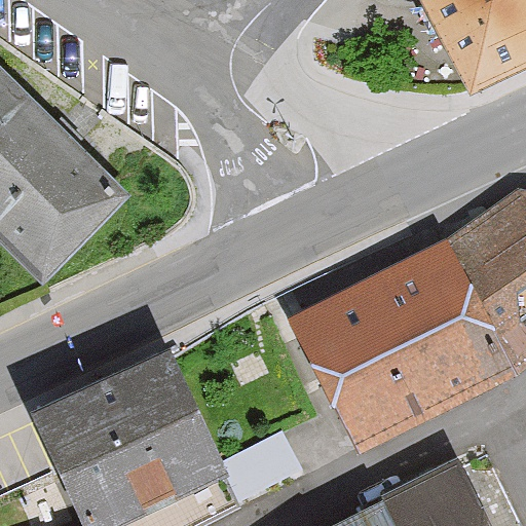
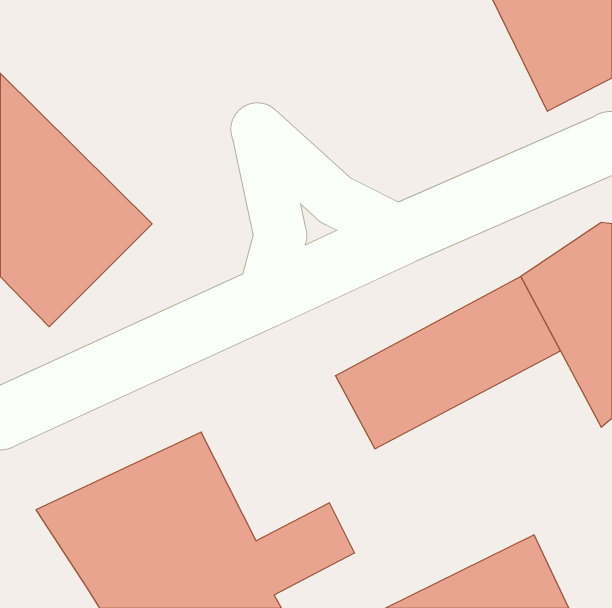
building: [322,301,516,451] -> none

